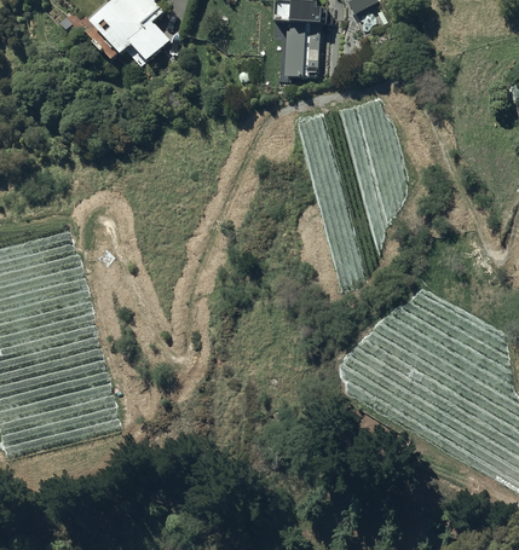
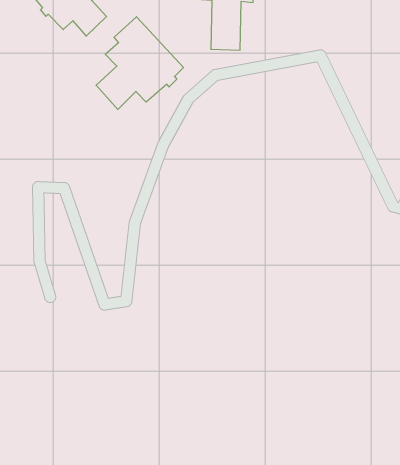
building: none -> [96,17,183,109]

